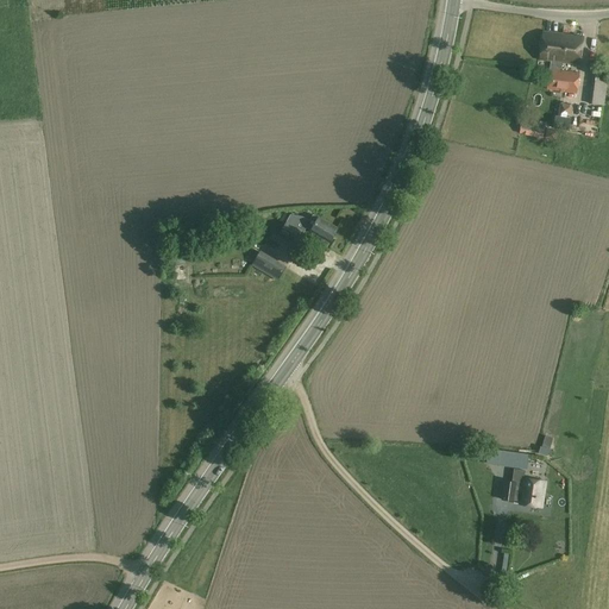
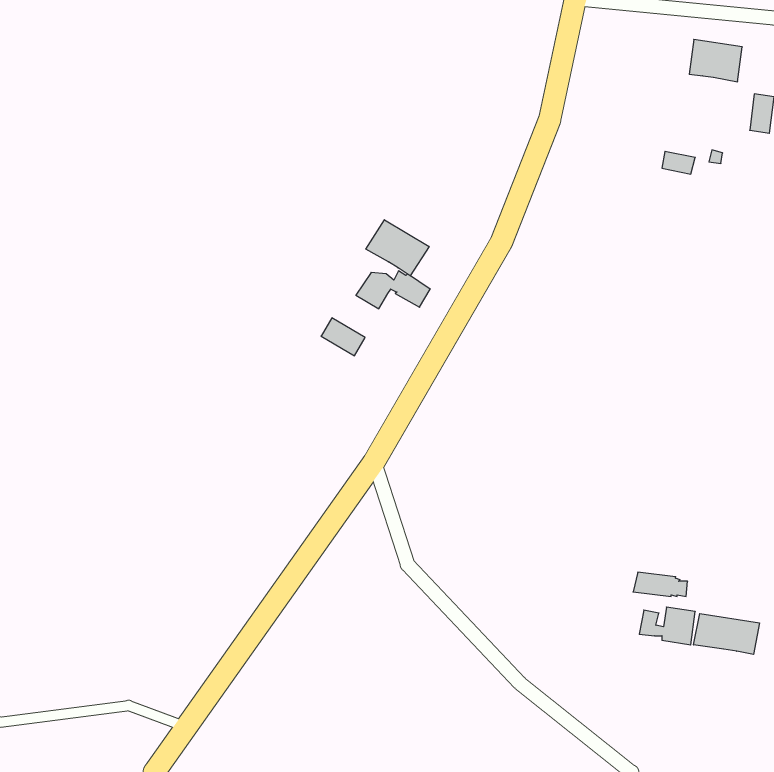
building: [548,59,579,99] -> none
building: none -> [366,220,429,276]
building: none -> [694,614,759,654]

